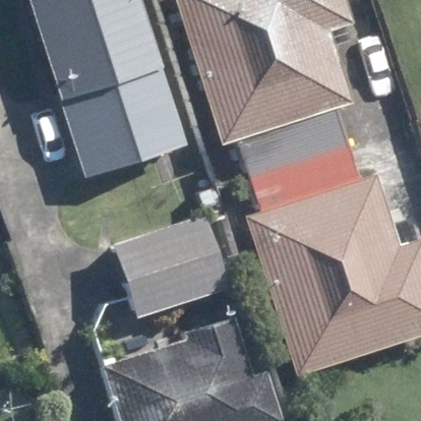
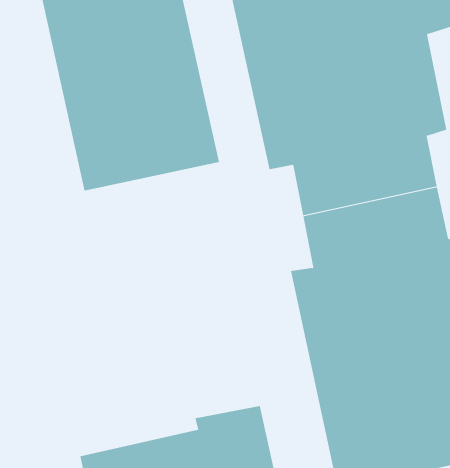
building: [118,216,229,315] -> none

